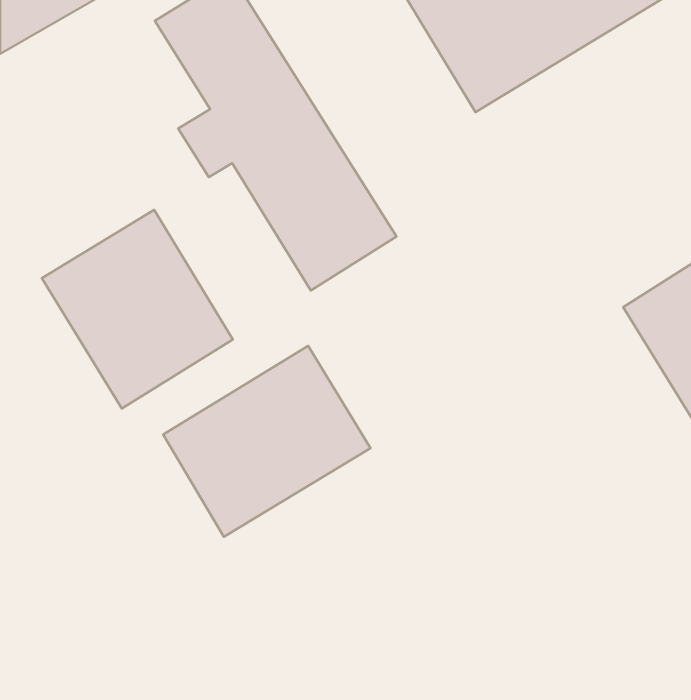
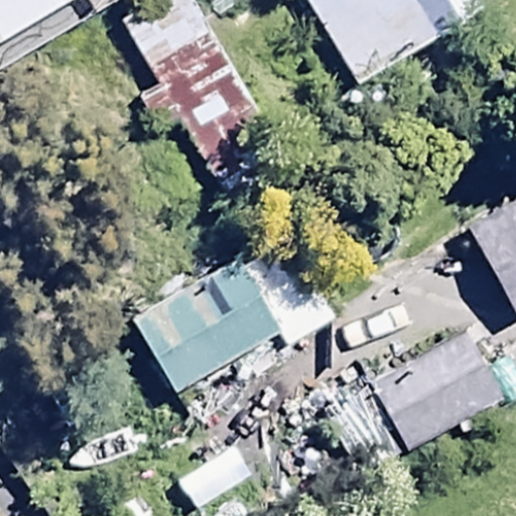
building: [42,210,233,408] -> none
building: none -> [331,328,505,465]

